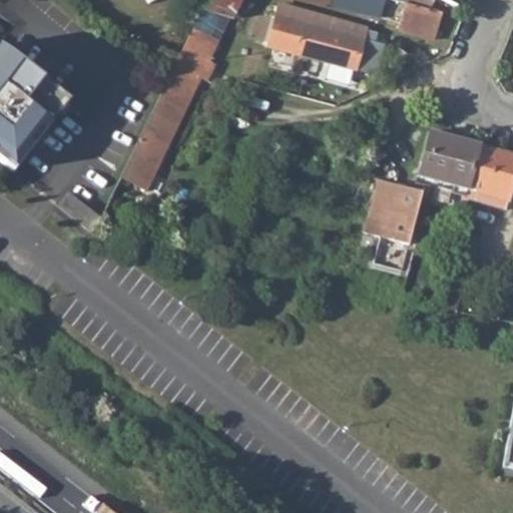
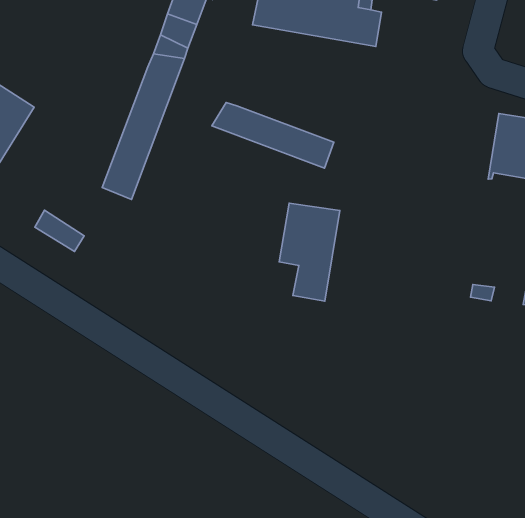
building: none -> [212,103,334,168]
building: [417,130,479,201] -> none
building: [365,179,423,270] -> [279,203,340,301]

